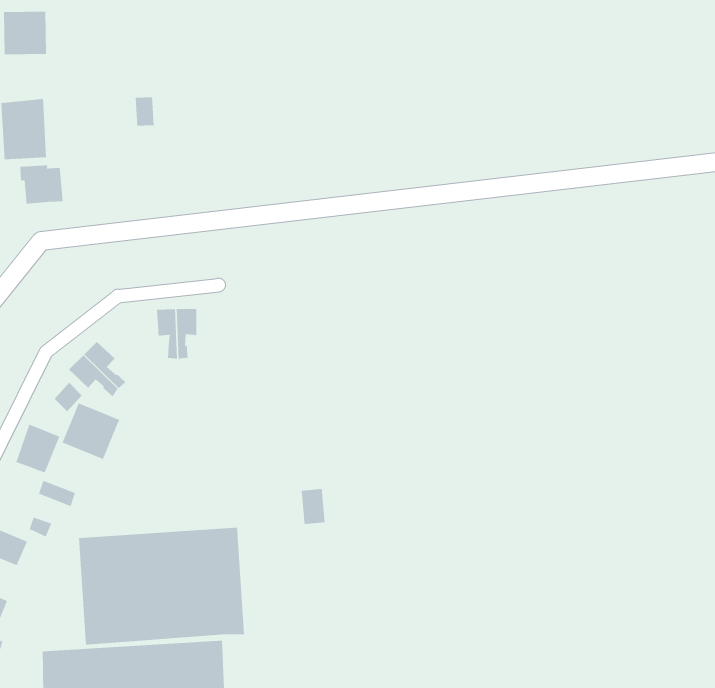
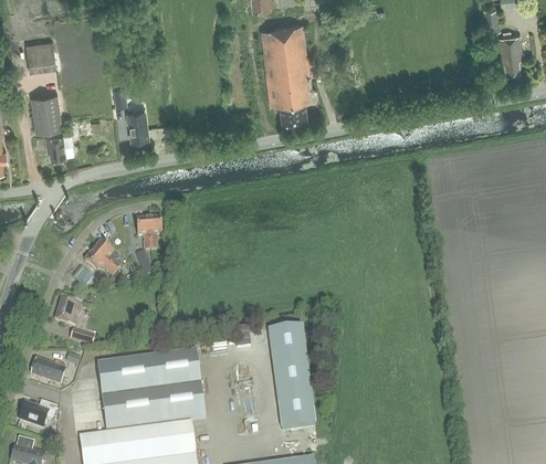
building: none -> [261,23,316,122]
building: none -> [127,109,147,139]
building: [62,403,120,460] -> none
building: none -> [267,325,316,429]

